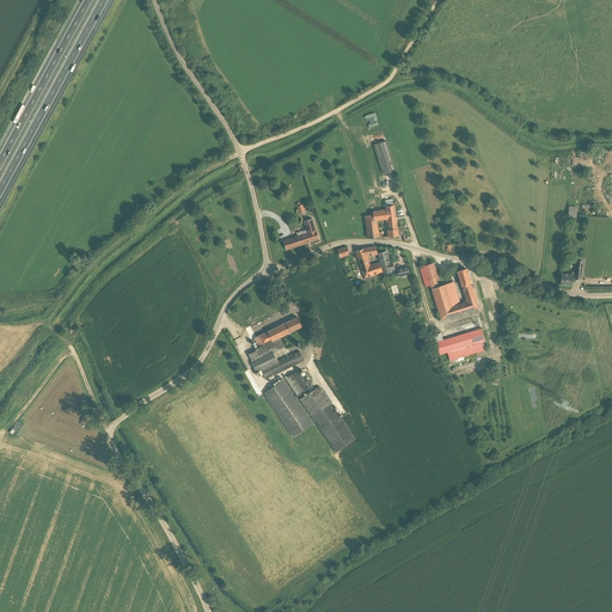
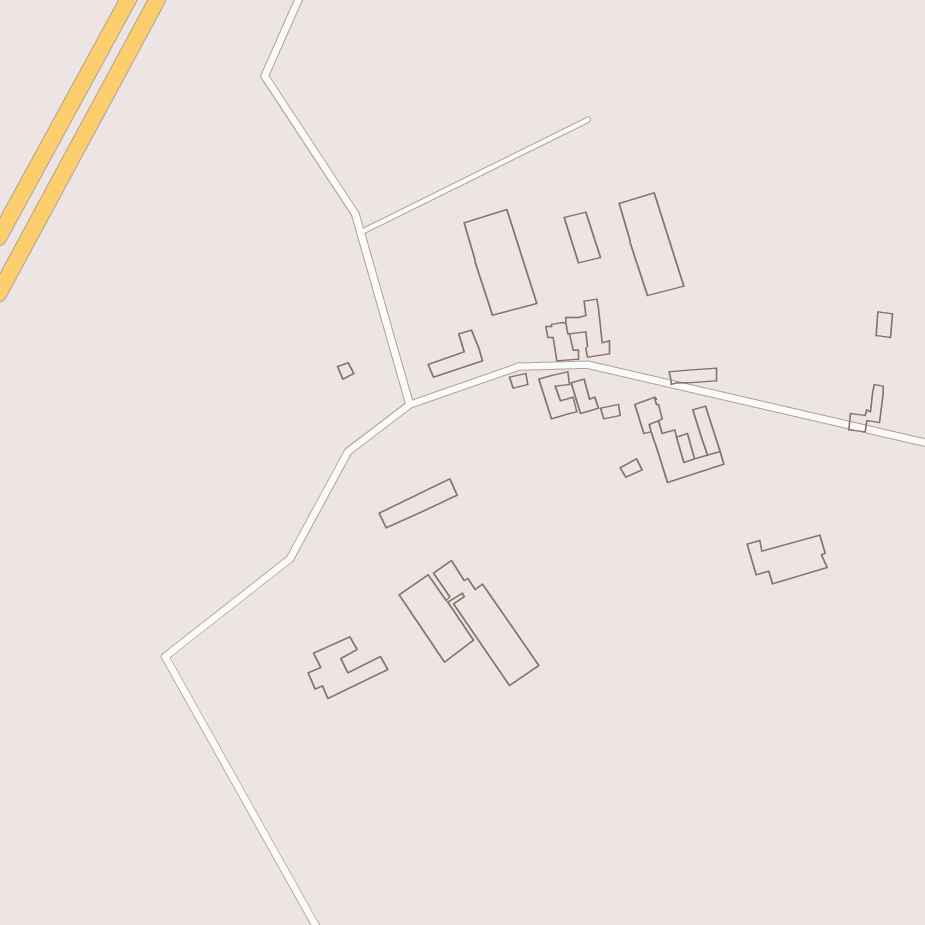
building: none -> [619,193,684,295]
building: none -> [464,209,537,315]
building: [430,328,483,360] -> [747,535,827,584]
building: [251,337,304,378] -> [308,637,388,698]

